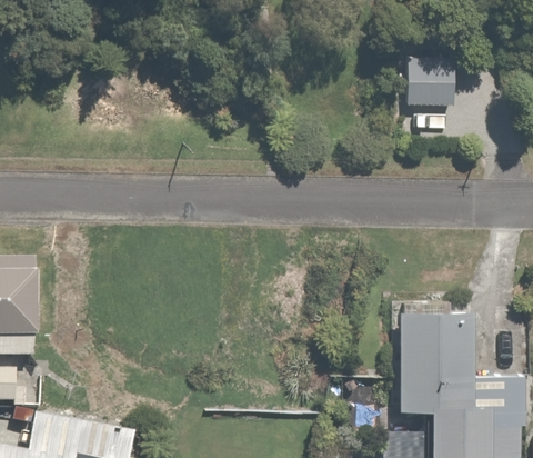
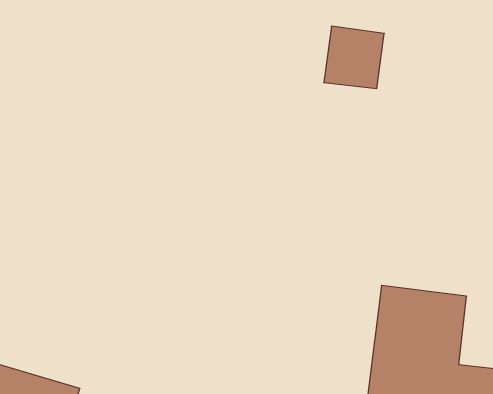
building: [409,52,459,104] -> [324,26,384,89]

